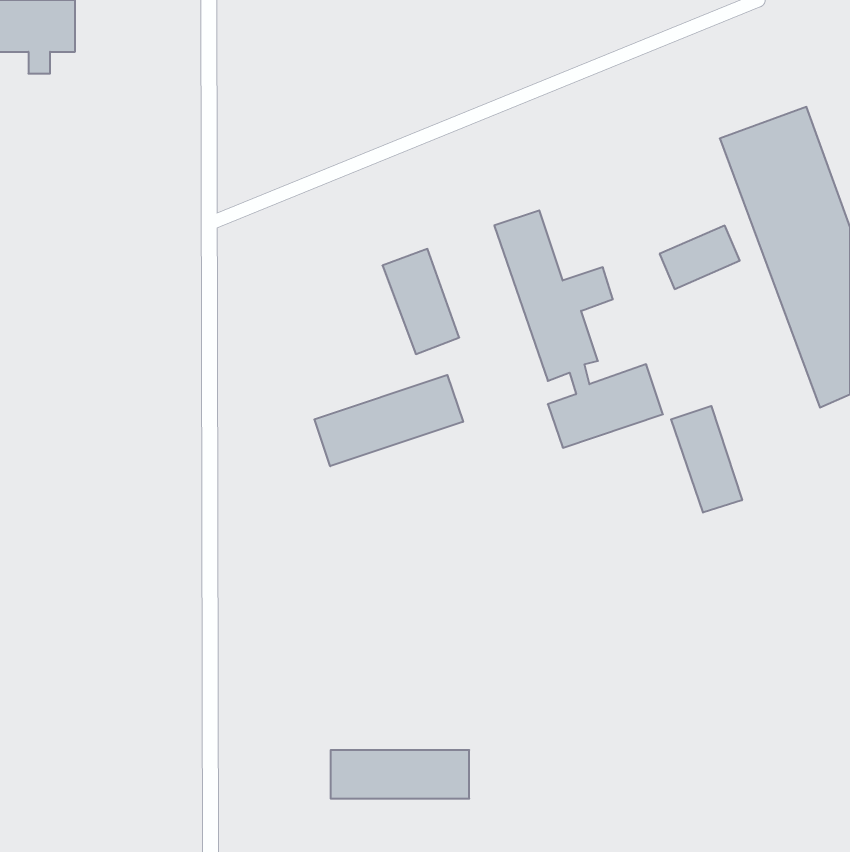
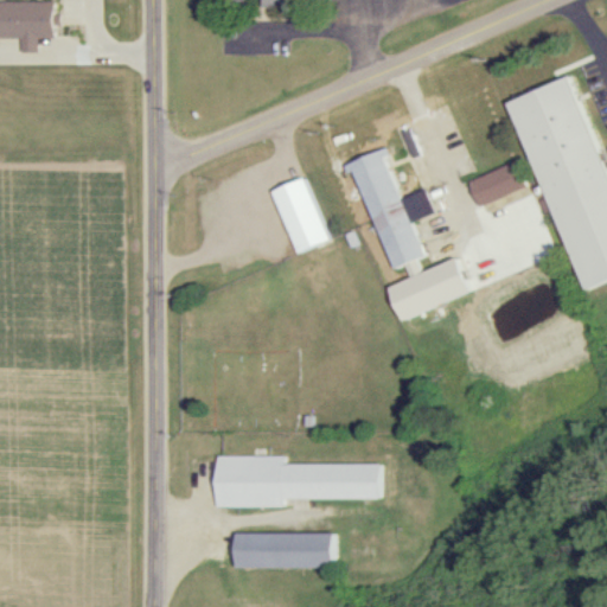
building: [314,375,463,466] -> none
building: [671,406,742,513] -> none
building: none -> [215,455,378,506]

